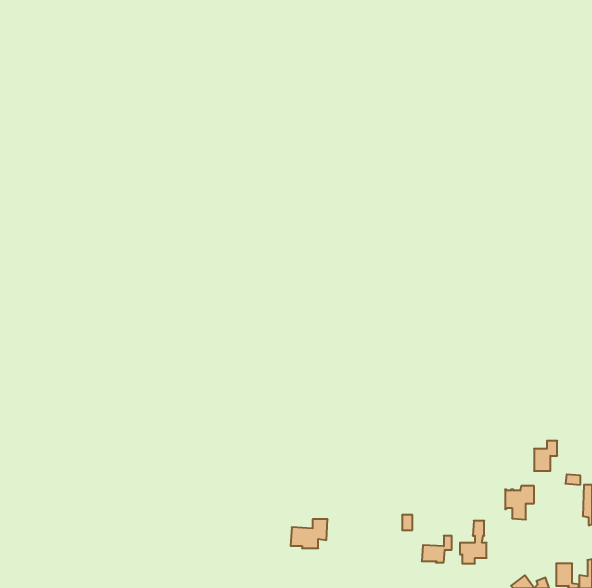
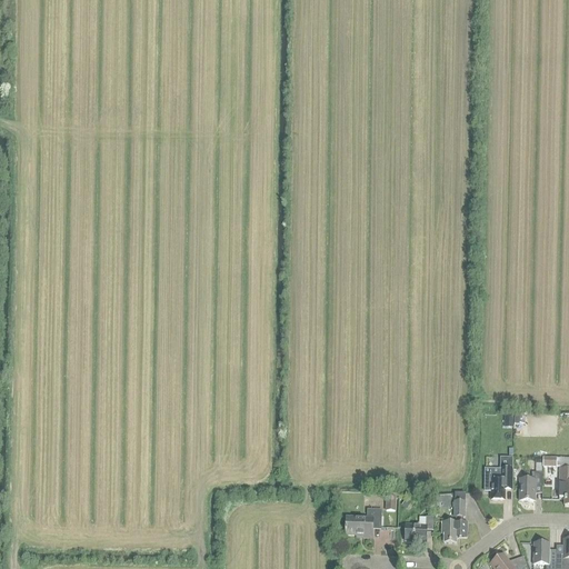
building: [534,441,557,471] -> [519,469,541,498]
building: [291,519,328,548] -> [346,507,381,535]

